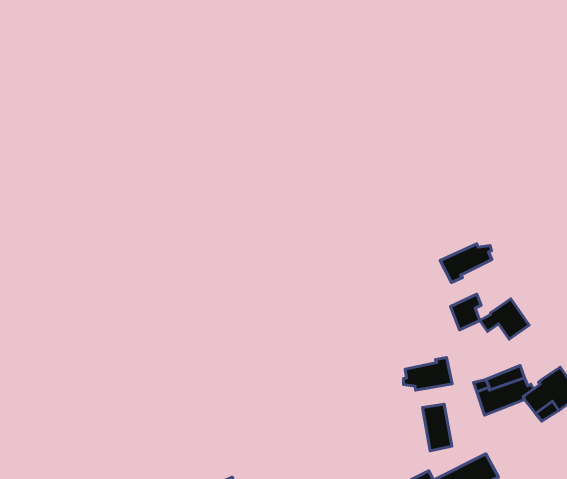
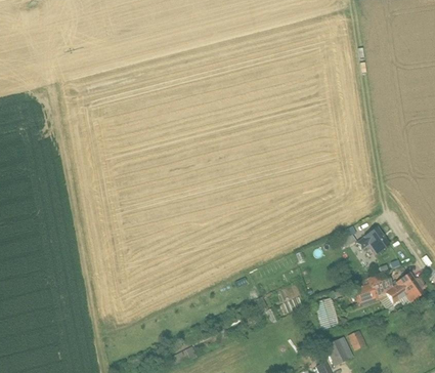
building: [440,244,492,283] -> none
building: [403,357,452,390] -> none

